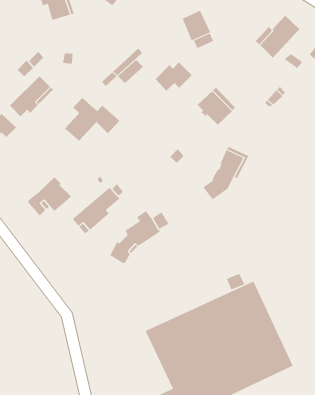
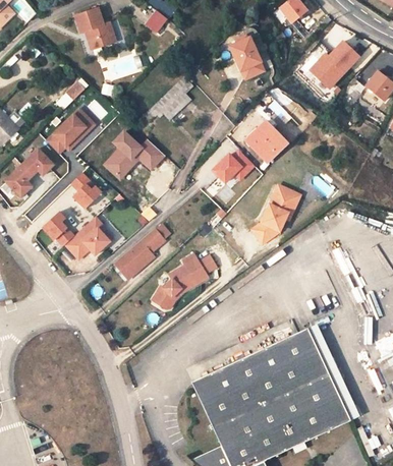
building: [155,61,193,91] -> [213,151,254,183]
building: none -> [70,173,100,209]
building: none -> [45,209,76,242]

